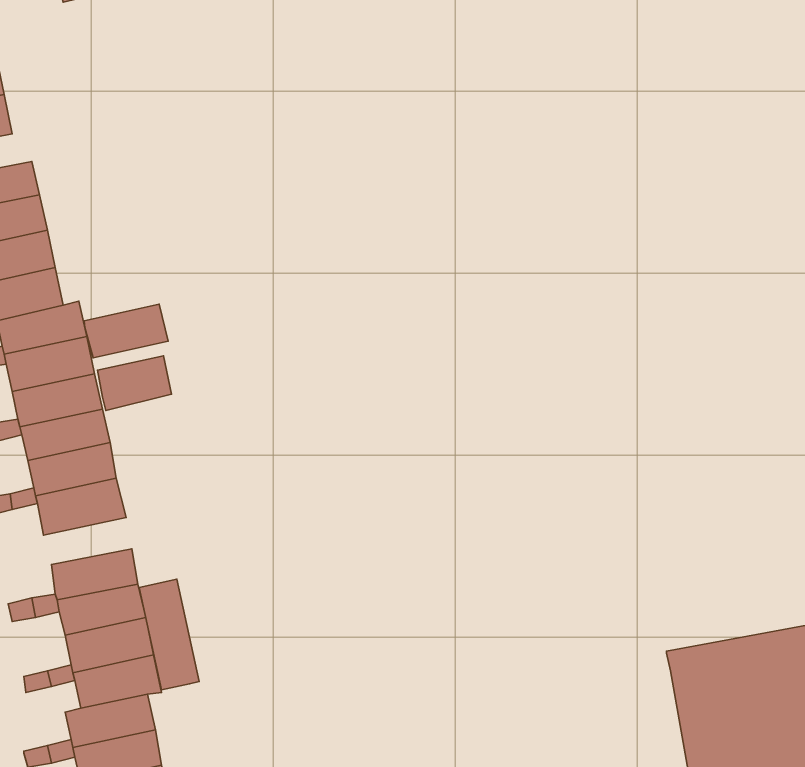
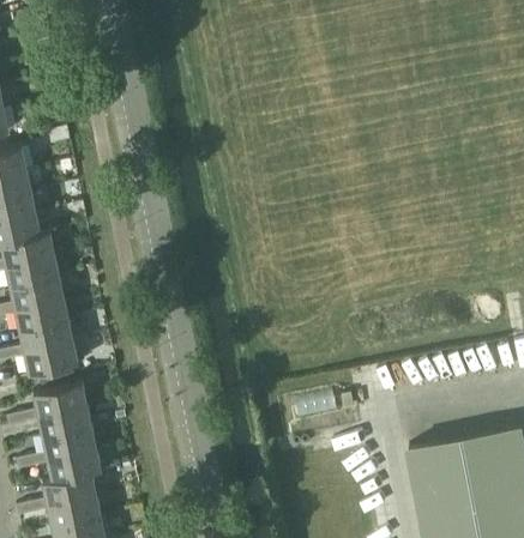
building: [84,304,168,358] -> none
building: [97,356,171,410] -> none
building: [139,579,199,690] -> none

